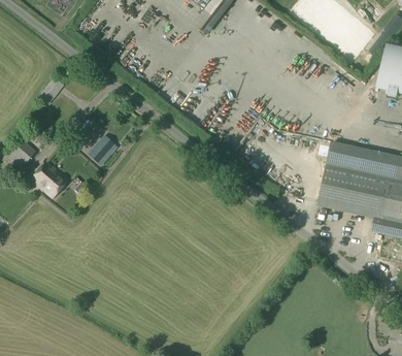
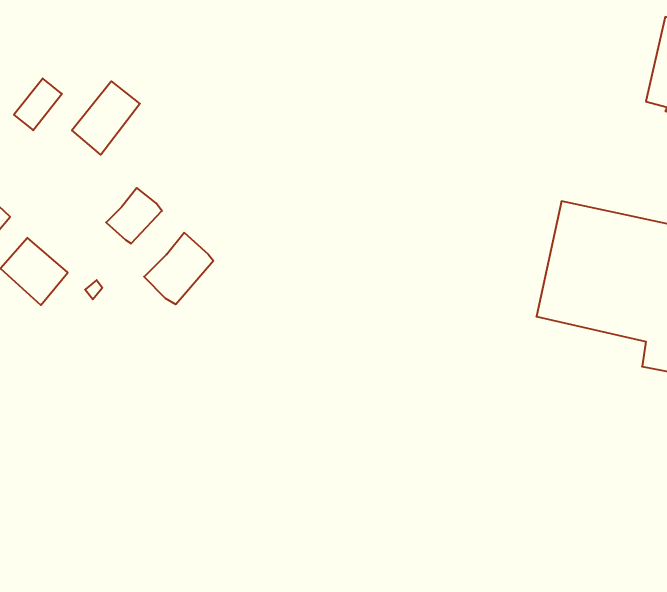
building: none -> [72,81,140,155]
building: none -> [144,233,213,304]

